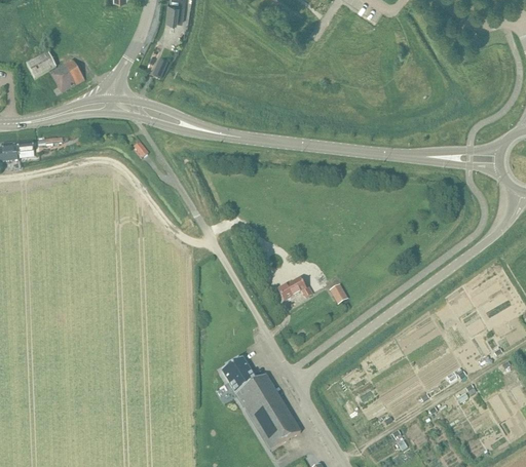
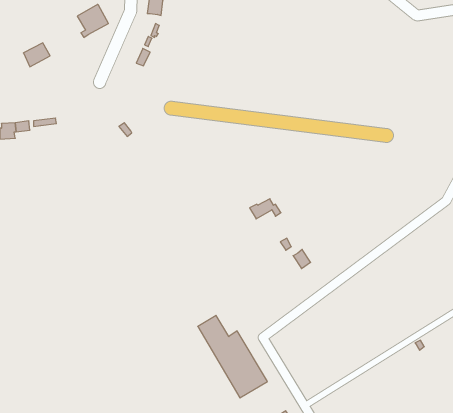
building: [49,57,84,94] -> [77,4,108,37]
building: [277,277,312,300] -> [250,199,281,219]

